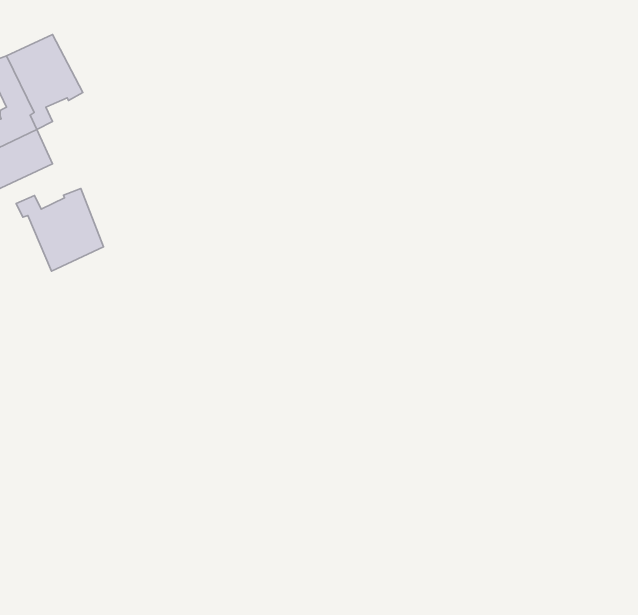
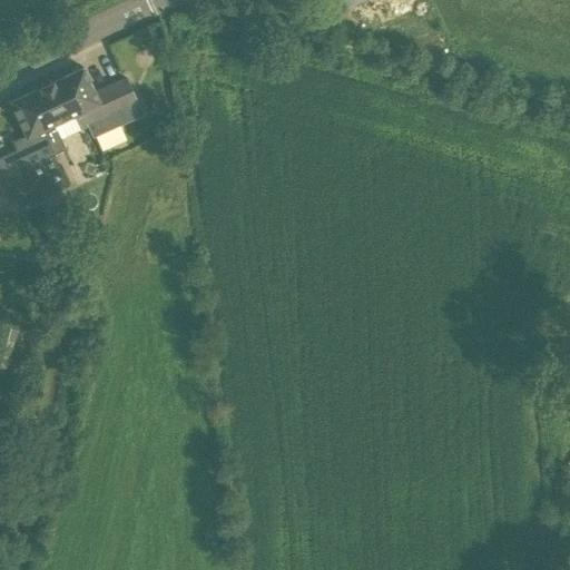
building: none -> [65,68,141,138]
building: [16,188,104,271] -> none

